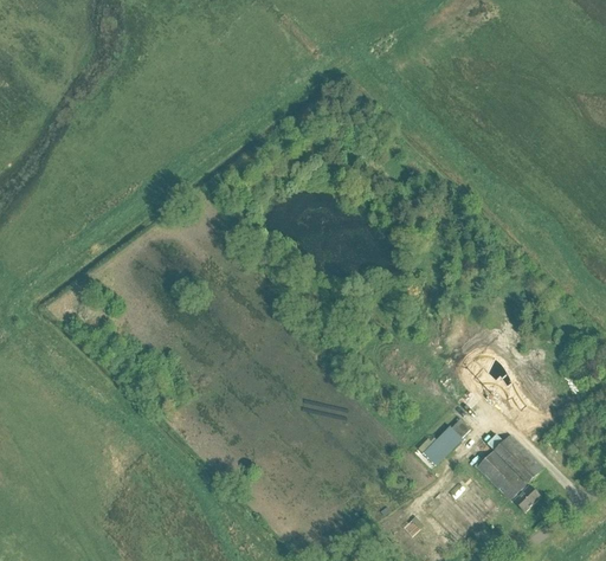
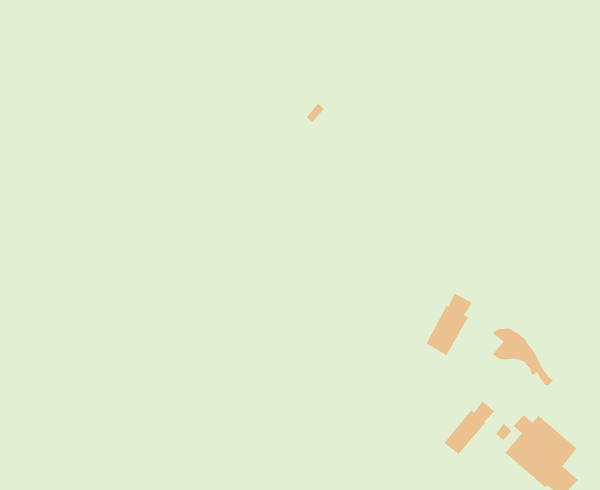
building: none -> [426,293,473,356]

